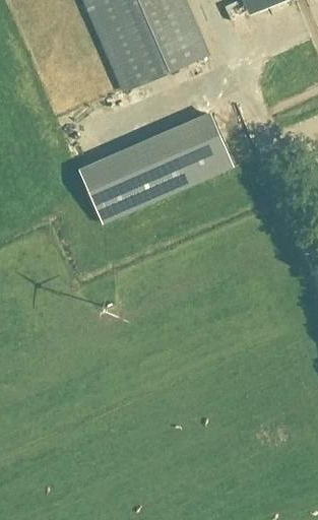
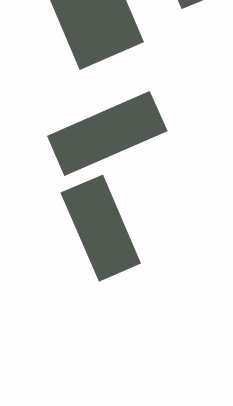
building: none -> [59,174,142,283]

